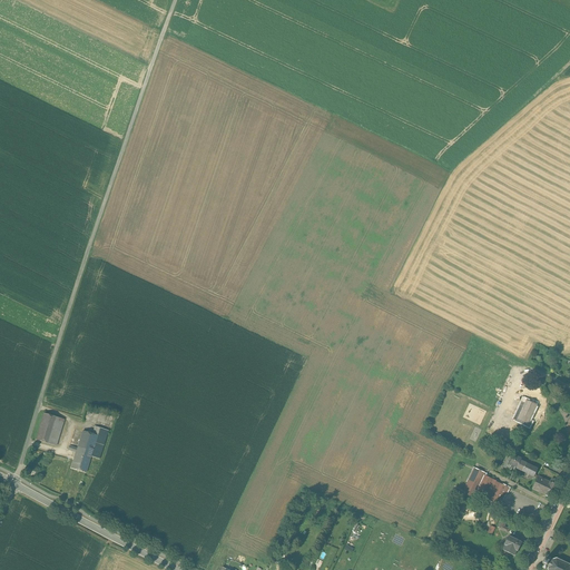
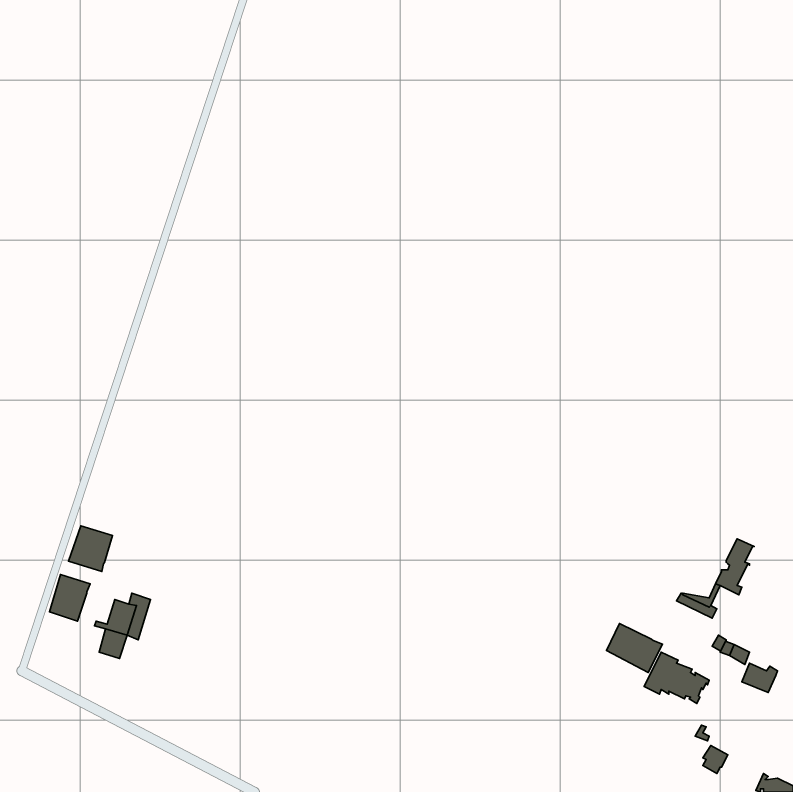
building: none -> [69,526,113,572]
building: none -> [606,624,662,673]

